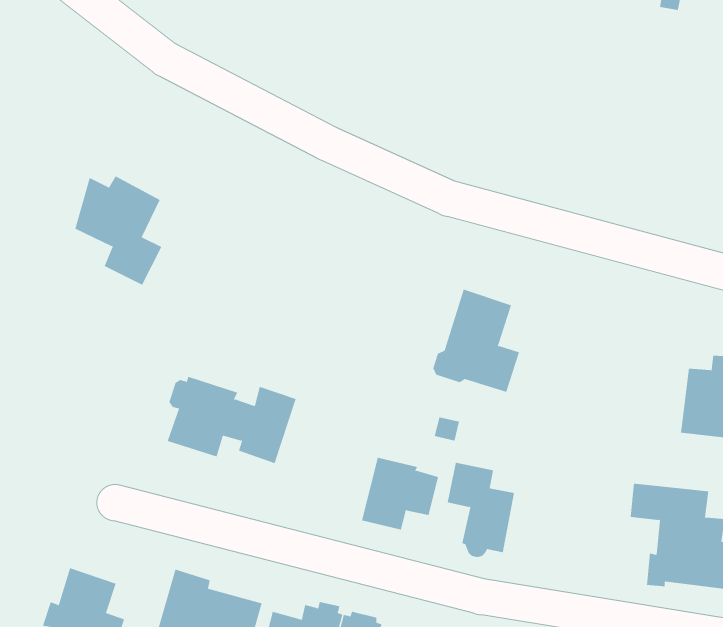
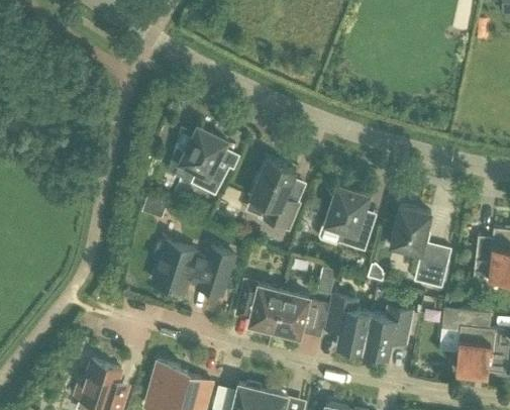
building: [75,176,162,286] -> [174,128,228,197]
building: none -> [250,161,299,230]
building: none -> [391,207,452,290]
building: none -> [238,285,285,332]
building: none -> [364,308,413,363]

